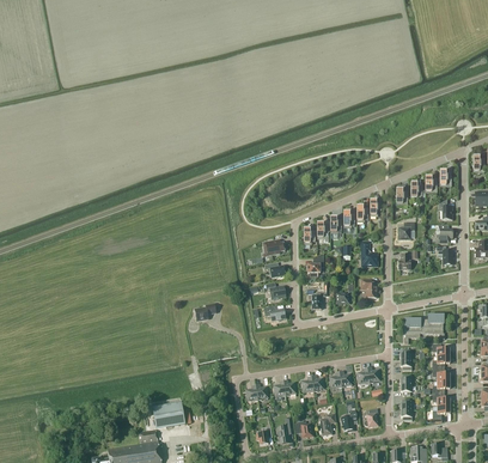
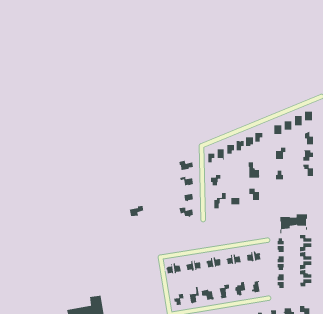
building: [151,401,184,427] -> none

